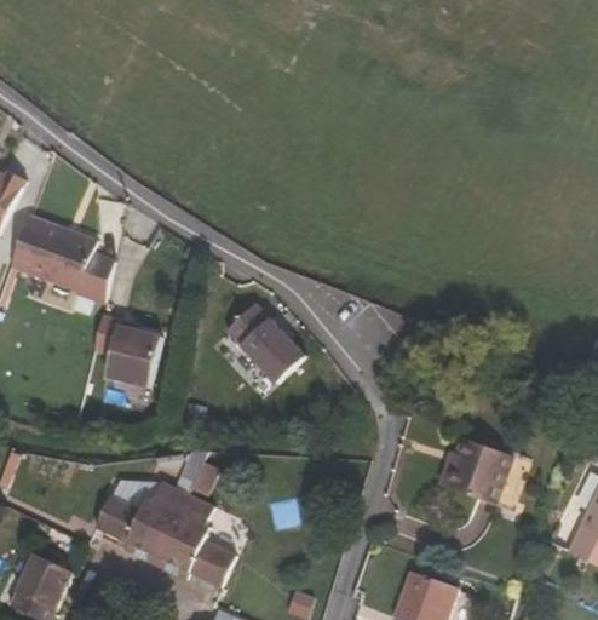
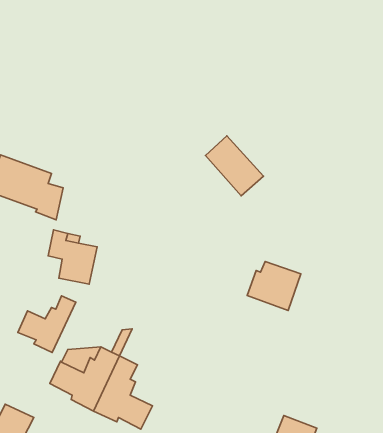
building: [223,300,301,381] -> [205,136,263,196]
building: none -> [18,296,76,353]
building: [438,442,511,509] -> [247,261,301,311]

